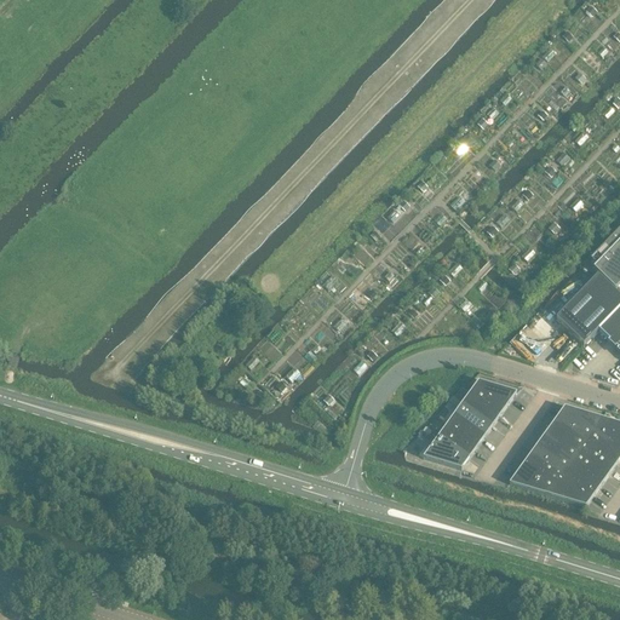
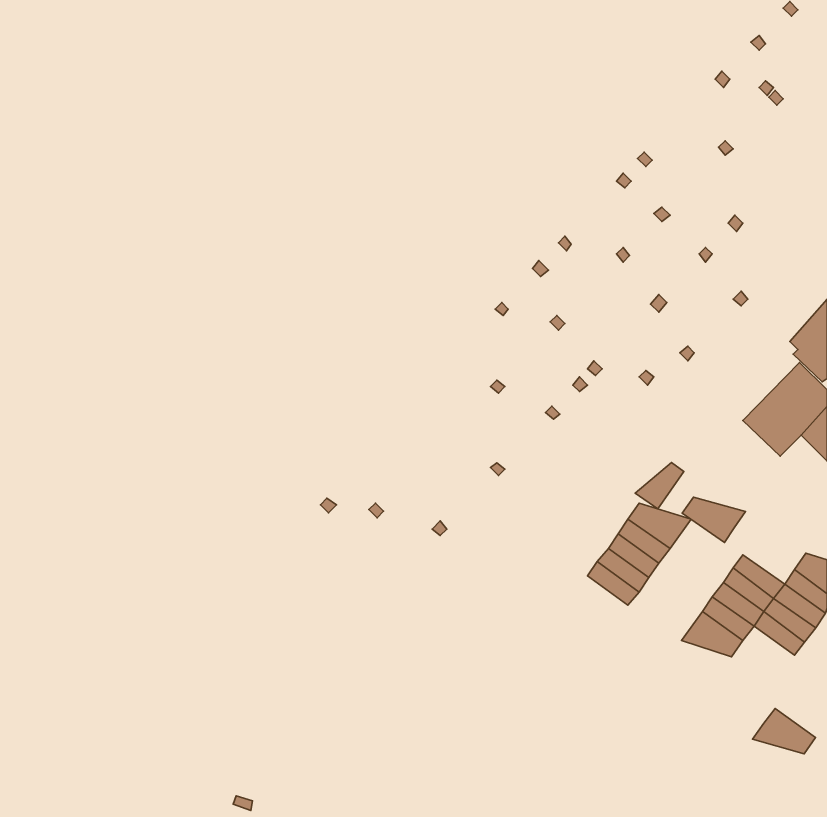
building: none -> [635,463,684,509]
building: [556,403,603,437] -> [682,497,745,542]
building: [424,431,470,465] -> none
building: [547,469,595,503] -> [752,709,816,754]

